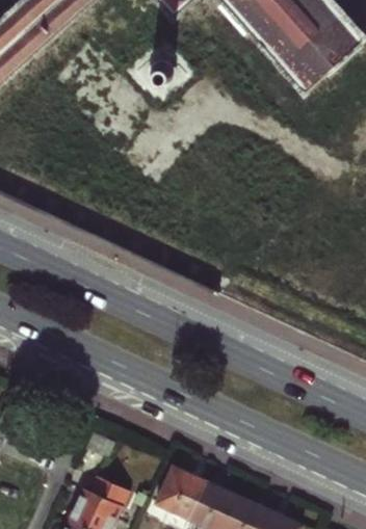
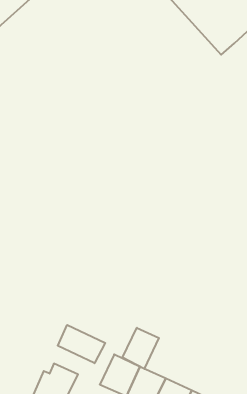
building: none -> [58,325,105,363]
building: none -> [122,328,159,369]

